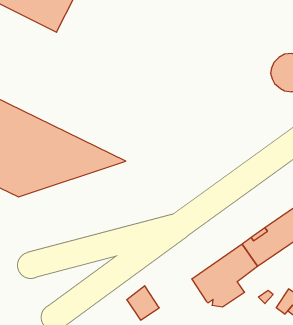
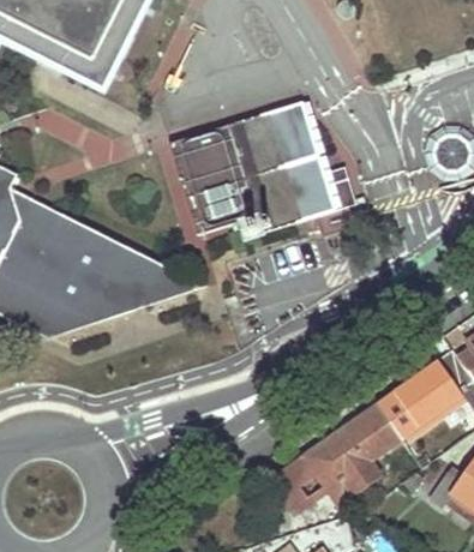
building: none -> [170,100,355,230]
building: [127,286,159,320] -> [277,457,325,508]

